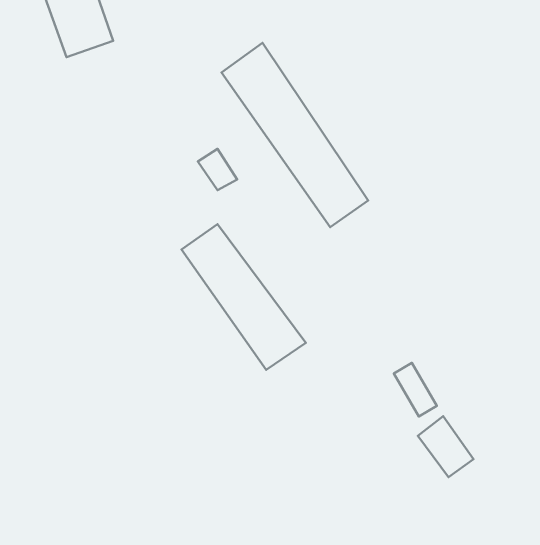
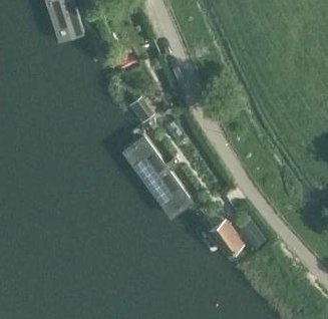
building: [222,43,368,227] -> none
building: [418,416,474,477] -> [211,218,242,252]

